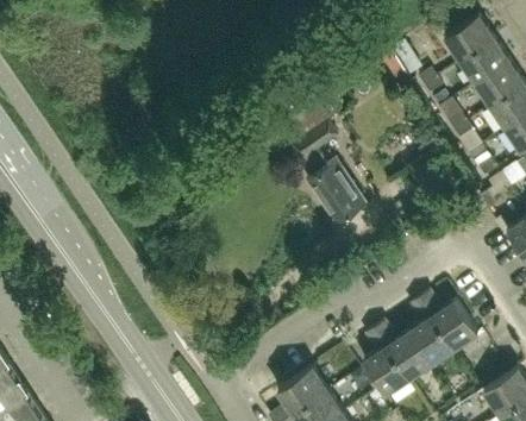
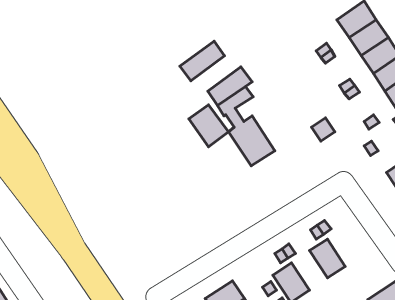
building: none -> [180,41,224,81]
building: none -> [189,105,229,147]
building: [433,301,478,351] -> none
building: [388,331,433,381] -> none

